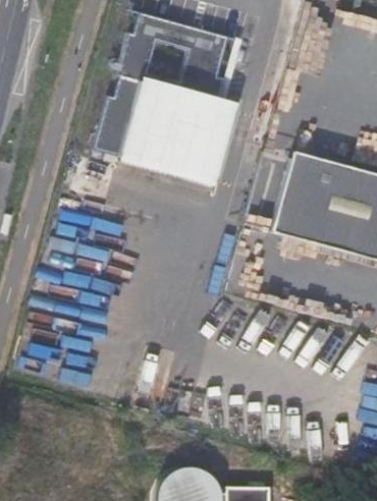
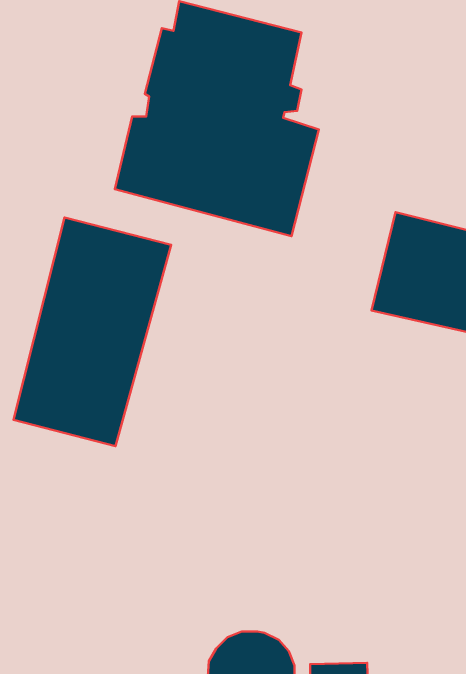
building: none -> [13,218,171,446]

